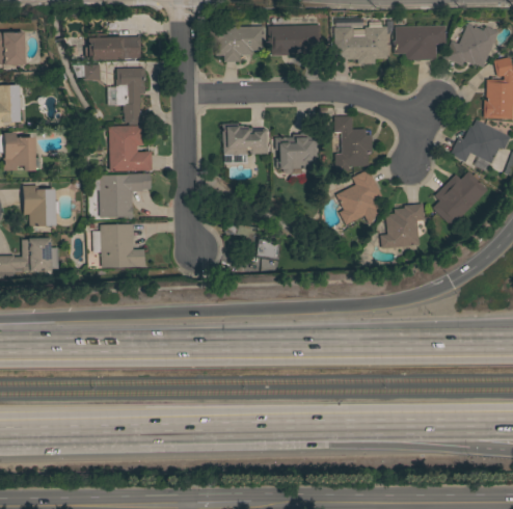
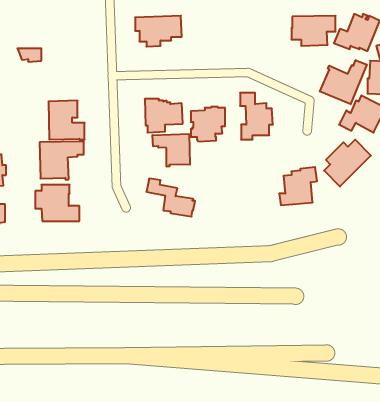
building: [269,25,321,57] -> none
building: [334,27,387,64] -> none
building: [85,33,141,60] -> none
building: [116,69,145,125] -> none
building: none -> [320,60,367,104]
building: none -> [152,134,190,167]
building: [336,169,382,225] -> none

